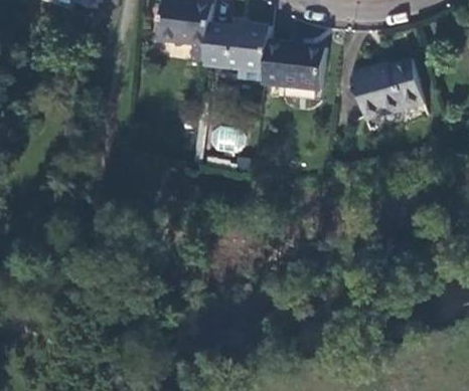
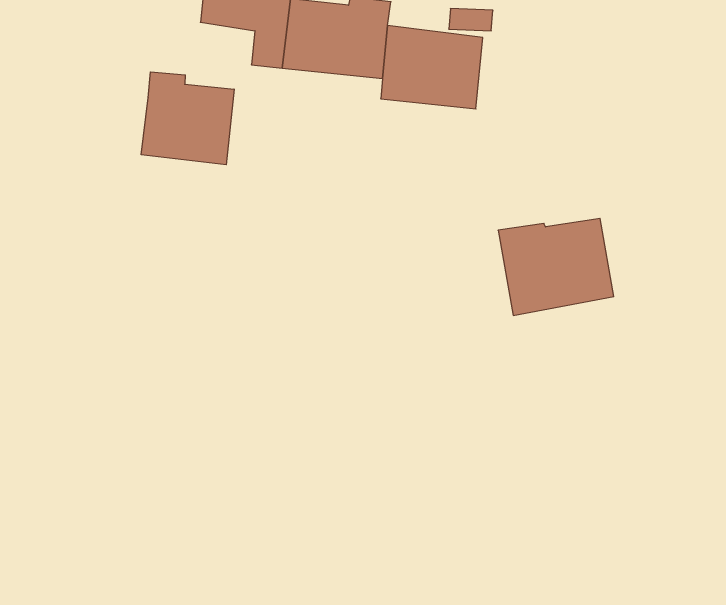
building: [352,64,421,122] -> [498,218,614,315]
building: none -> [141,72,234,165]

